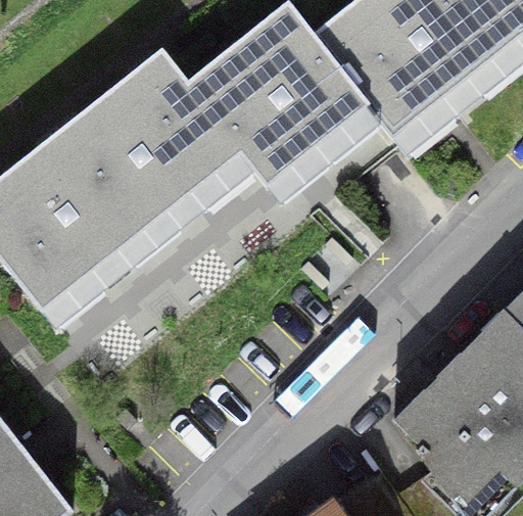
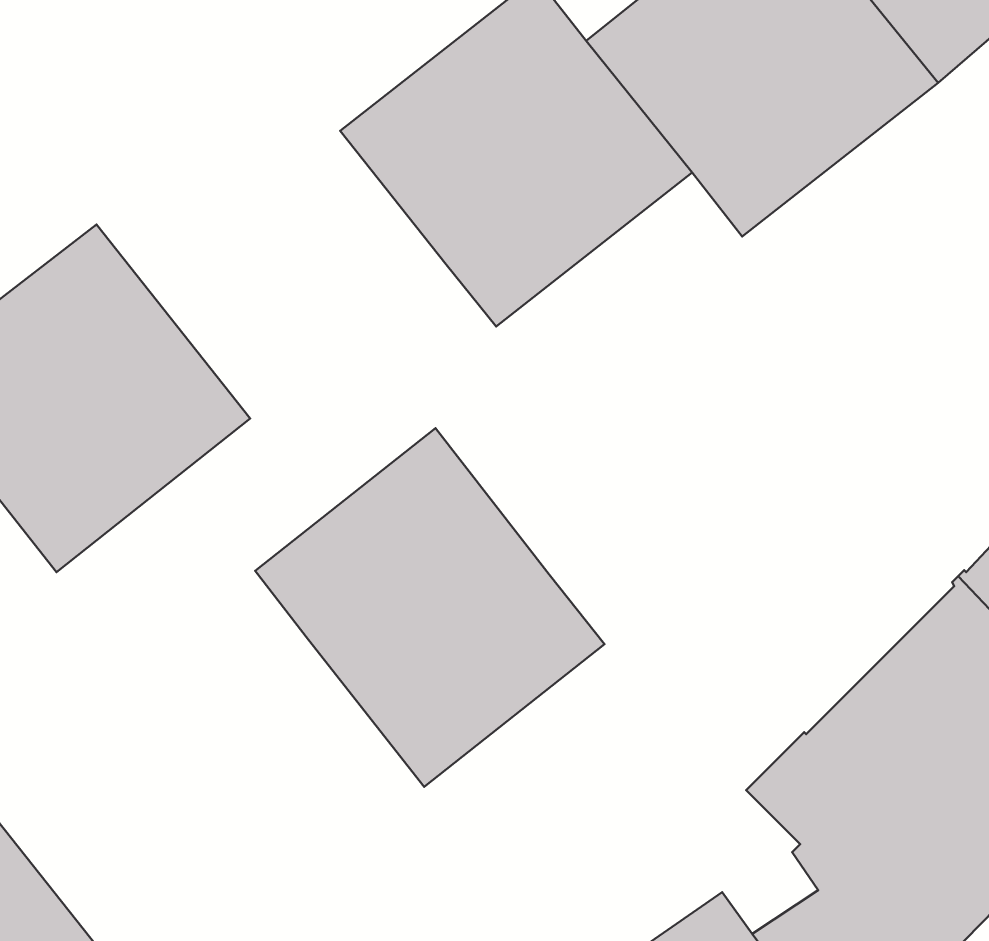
building: [62,53,241,231] -> none
building: none -> [255,428,605,787]

